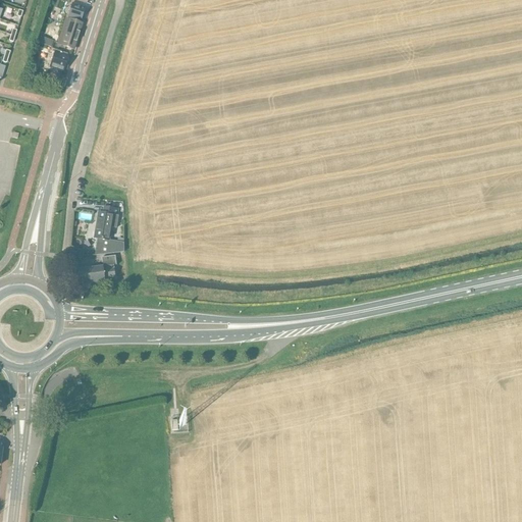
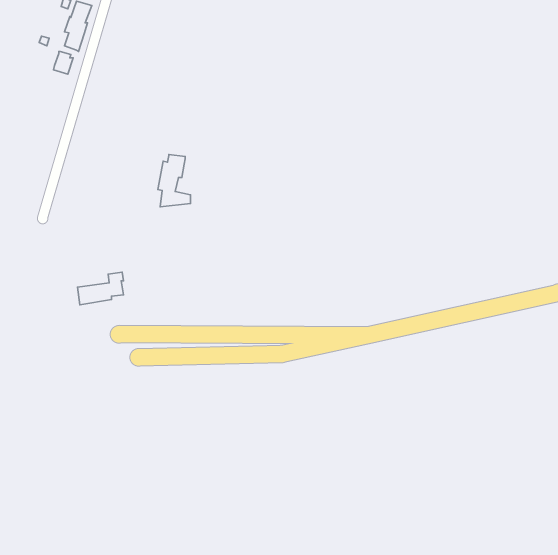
building: [93,204,123,253] -> [158,154,191,207]

